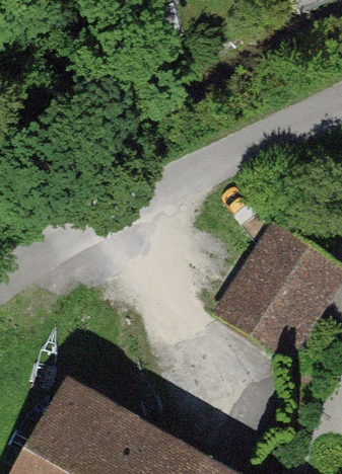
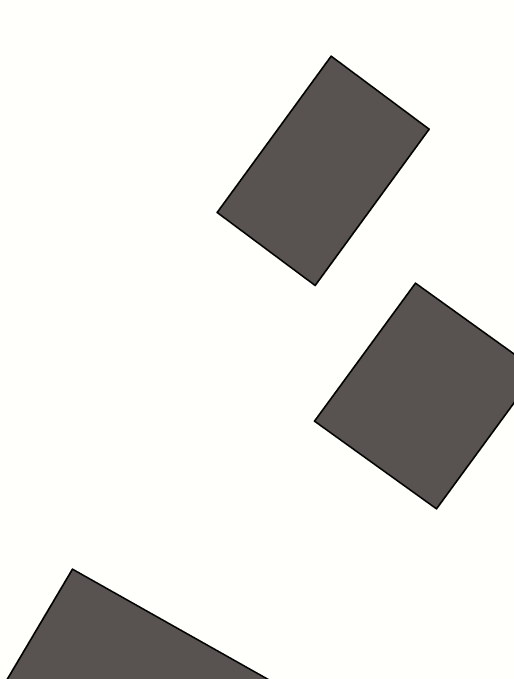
building: none -> [217,56,429,285]

